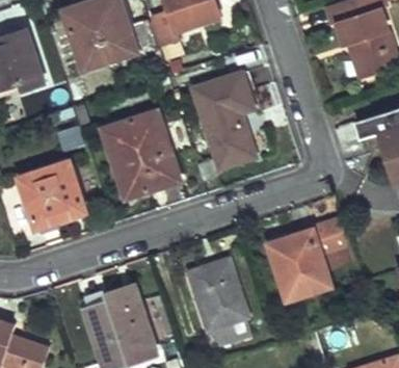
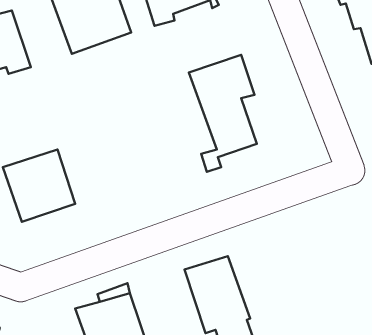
building: [104,110,180,196] -> none
building: [269,219,350,298] -> none

